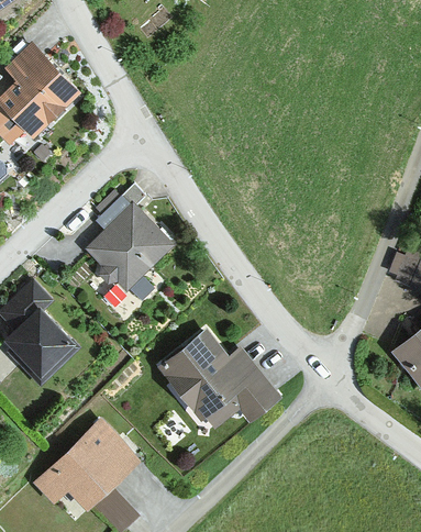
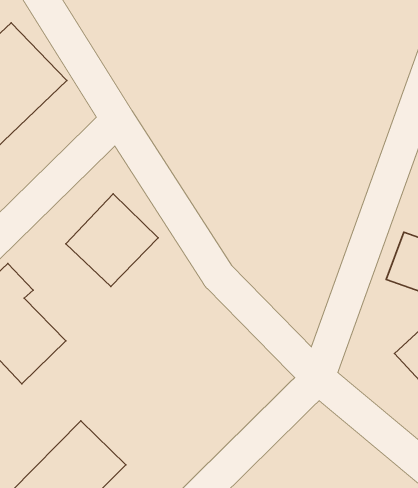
building: [157,330,281,429] -> none

